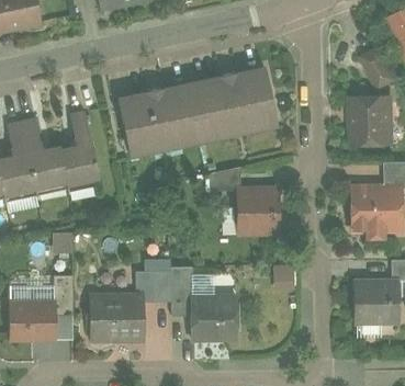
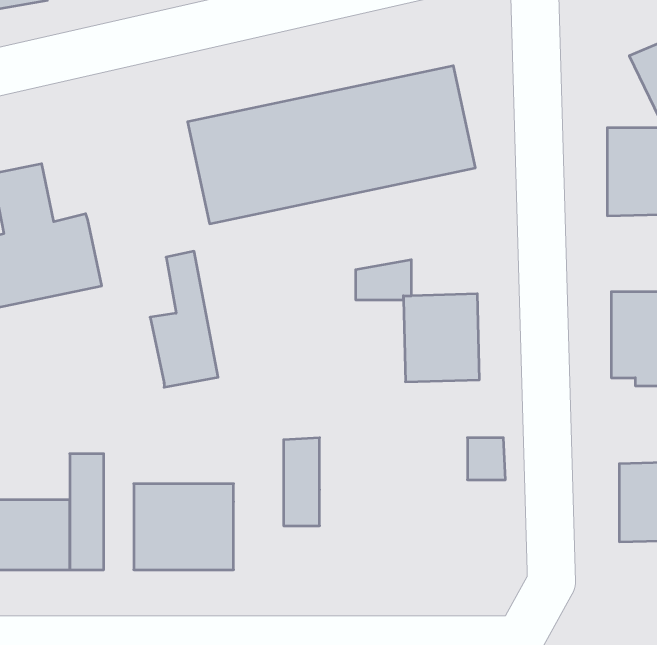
building: [63,111,100,185] -> [150,251,218,387]
building: [136,271,170,302] -> none
building: [190,295,236,339] -> none

